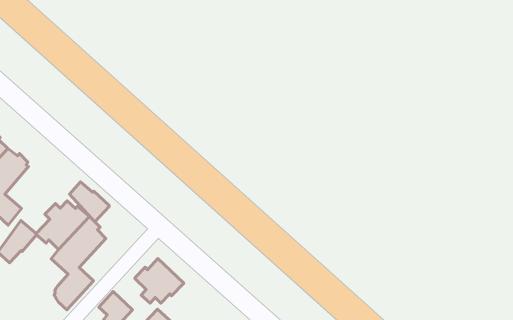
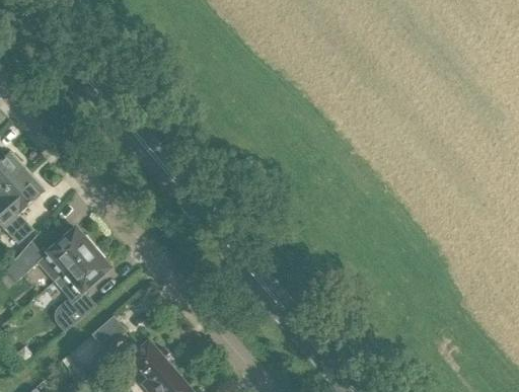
building: [69,182,109,222] -> none
building: [135,259,184,303] -> none

